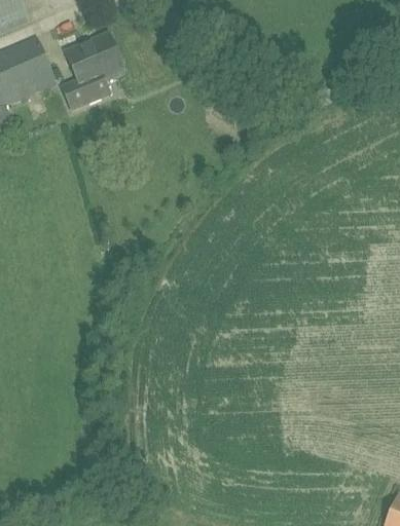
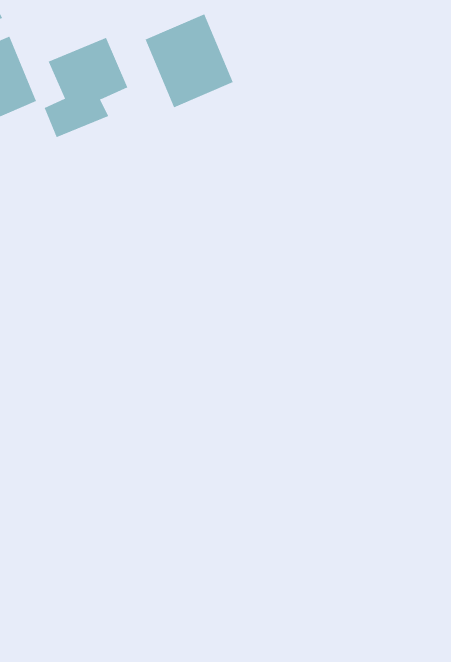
building: none -> [145,13,233,108]

